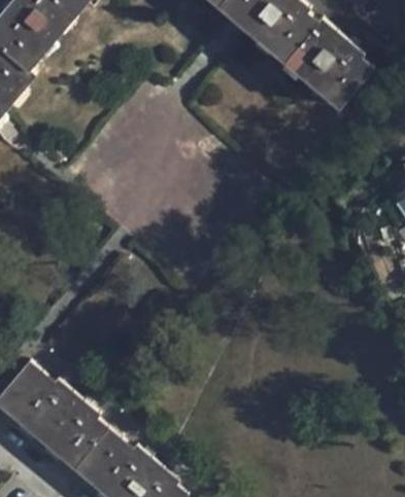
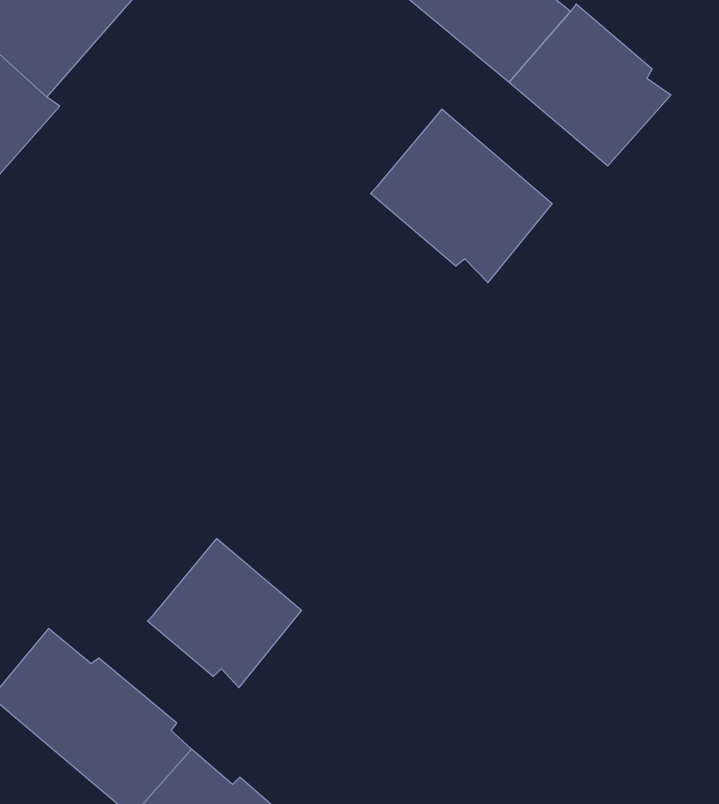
building: none -> [371,109,552,283]
building: none -> [147,539,301,688]

